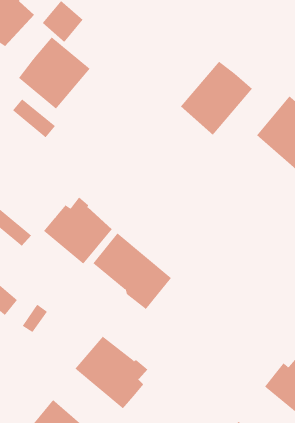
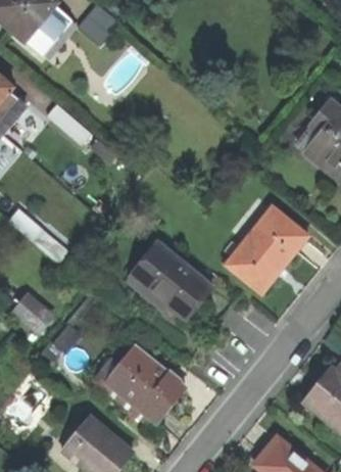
building: [18,37,91,109] -> none
building: [180,61,253,136] -> none
building: none -> [225,204,308,291]
building: [43,196,113,265] -> none

